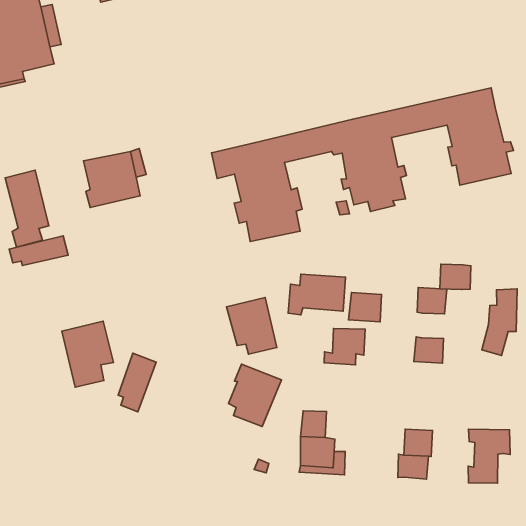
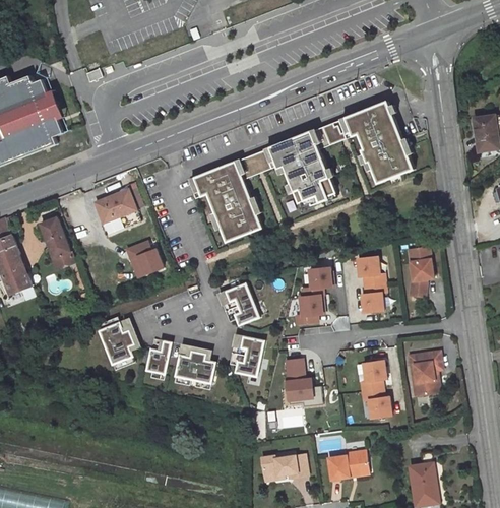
building: none -> [126,241,163,276]
building: [9,236,68,265] -> none
building: [440,264,471,289] -> [362,273,386,294]
building: [288,274,346,315] -> none
building: none -> [173,343,215,390]
building: none -> [367,396,390,418]

